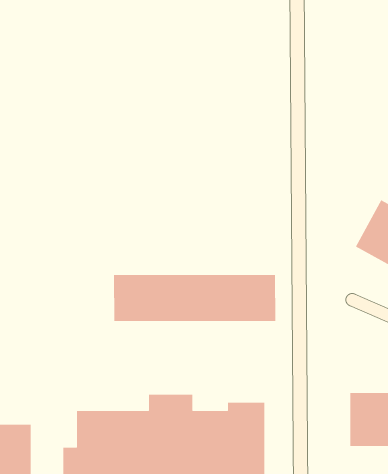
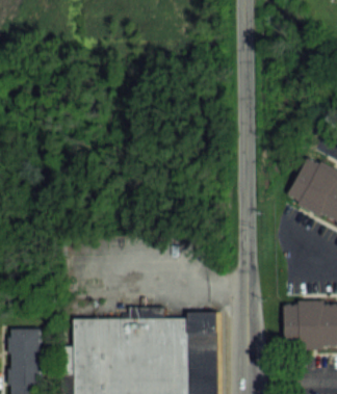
building: [113,274,276,322] -> none

